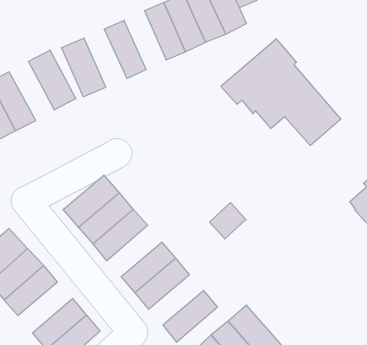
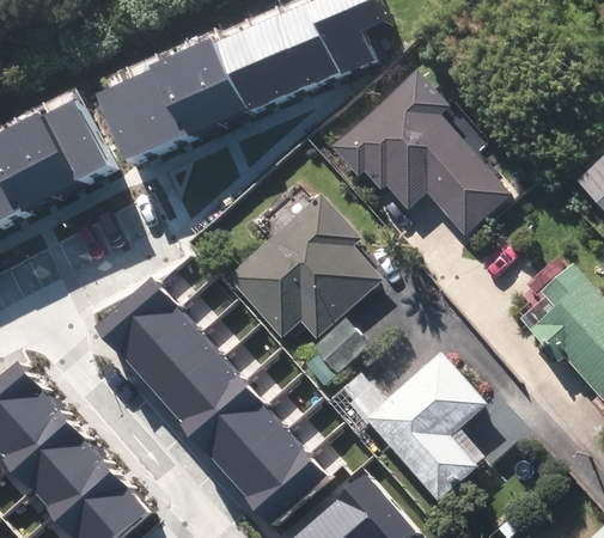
building: none -> [189,36,251,123]
building: none -> [129,63,193,149]
building: none -> [18,111,85,198]
building: none -> [228,195,383,338]
building: none -> [334,353,488,502]
building: none -> [163,354,245,430]
building: none -> [225,427,307,502]
building: none -> [31,438,112,514]

